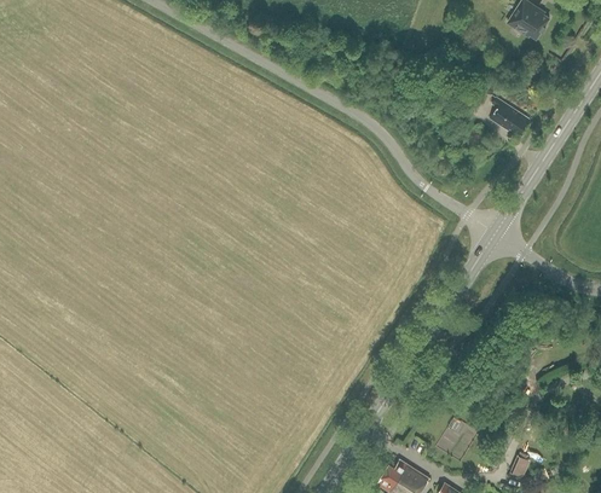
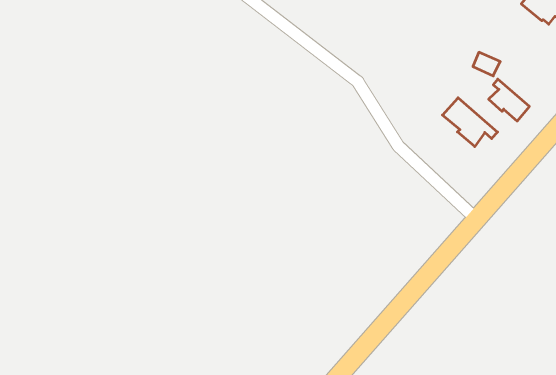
building: none -> [442,98,498,147]

